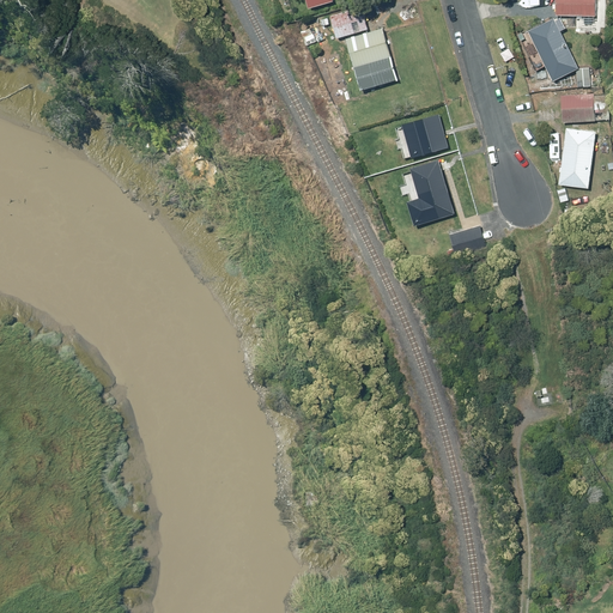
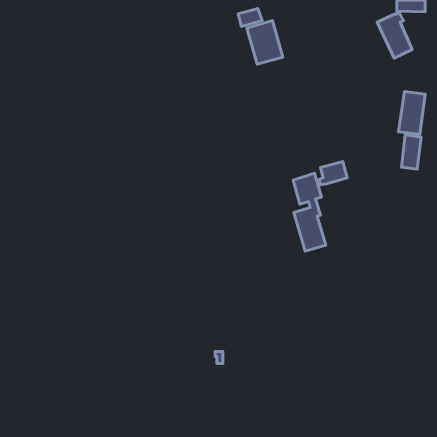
building: [559,95,593,122] -> none
building: [407,114,453,223] -> [293,173,326,251]
building: none -> [402,135,421,169]

